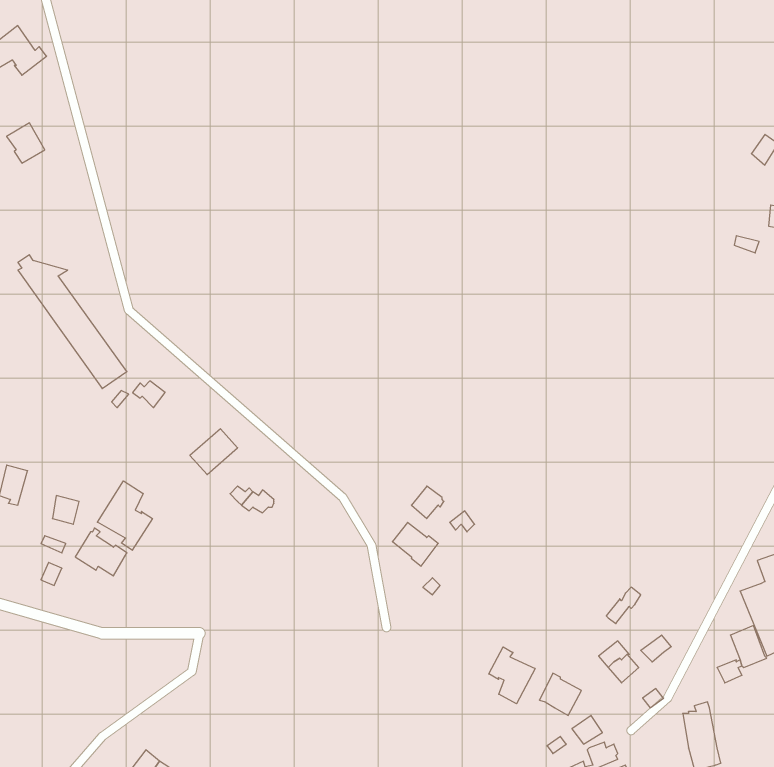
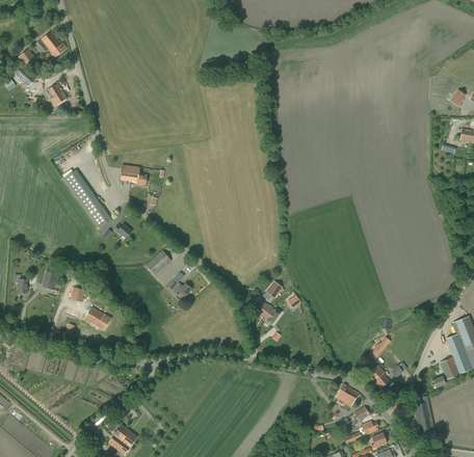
building: none -> [121,159,148,184]
building: [97,481,152,550] -> none
building: [489,647,535,704] -> none

